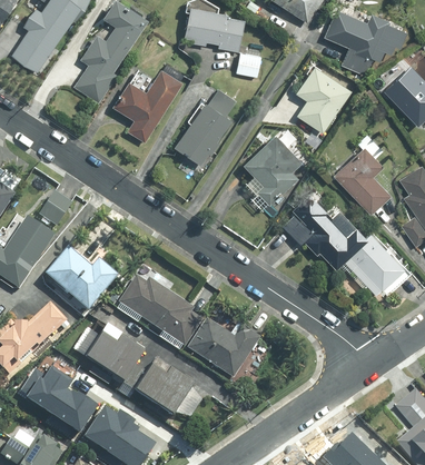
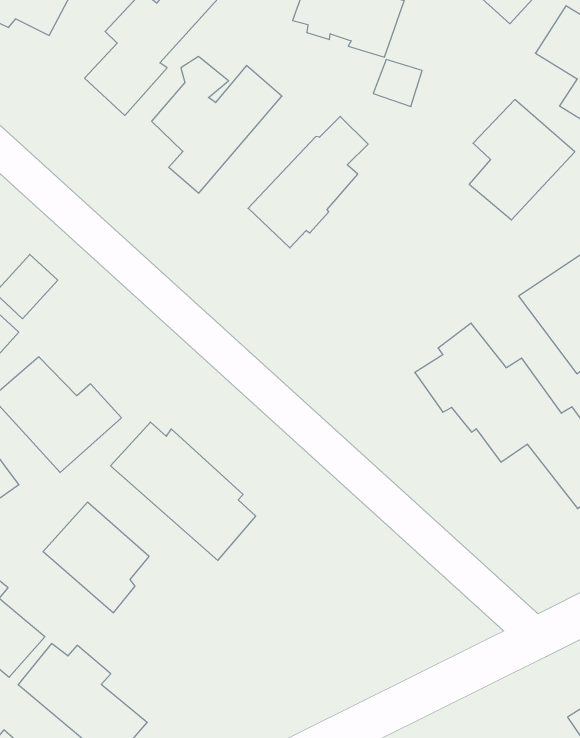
building: [244,133,303,205] -> none
building: [186,318,261,379] -> none
building: [130,357,196,416] -> none

